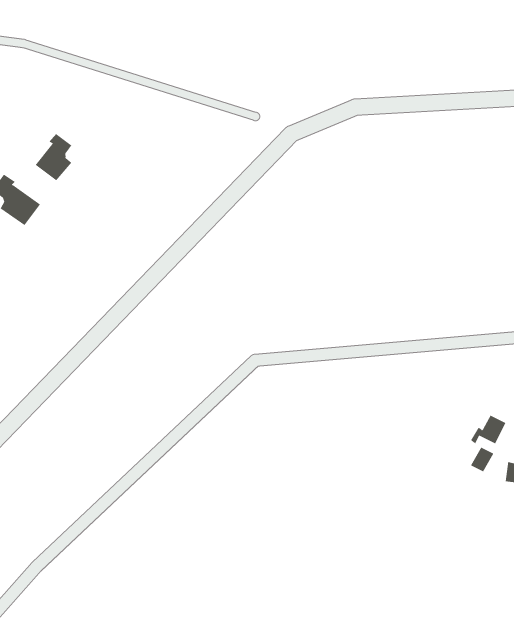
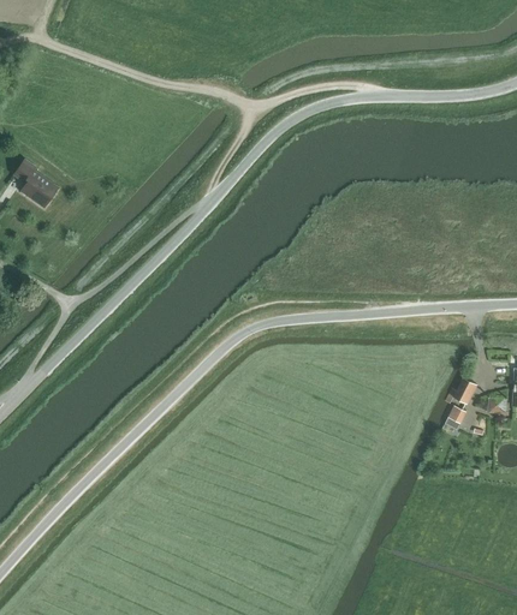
building: [35,133,72,181] -> none

